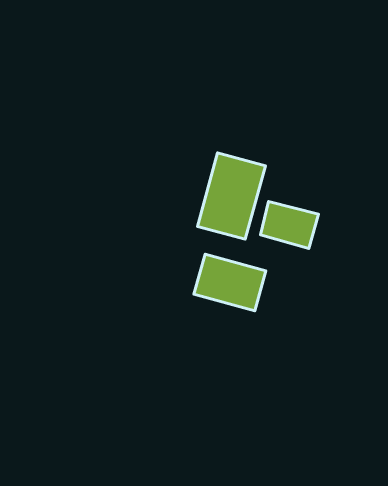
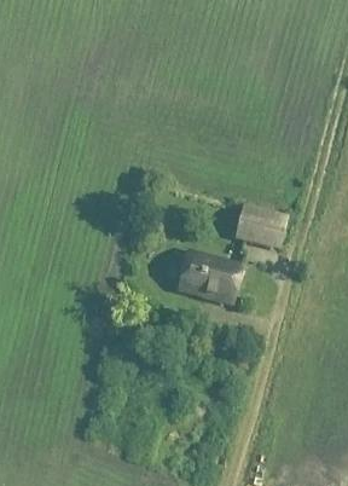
building: [198,153,265,239] -> none

